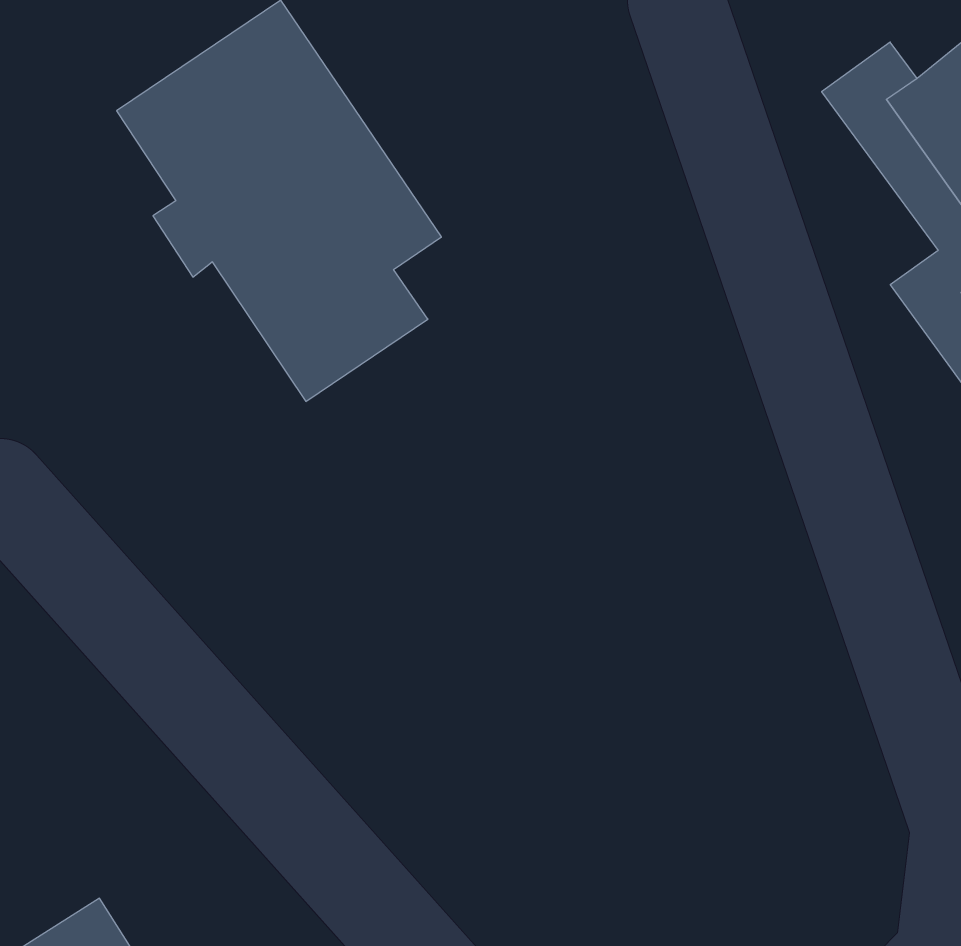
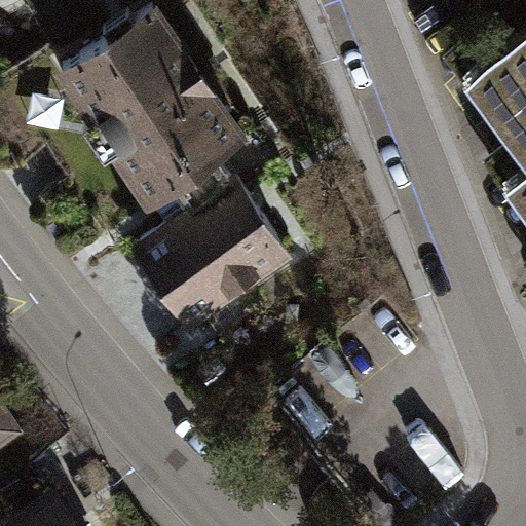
building: none -> [145,186,292,325]

